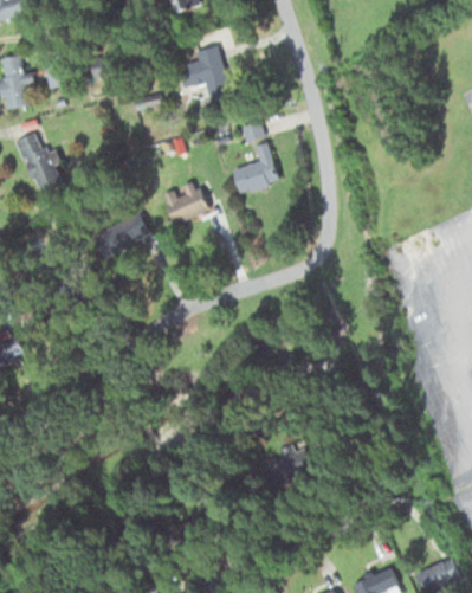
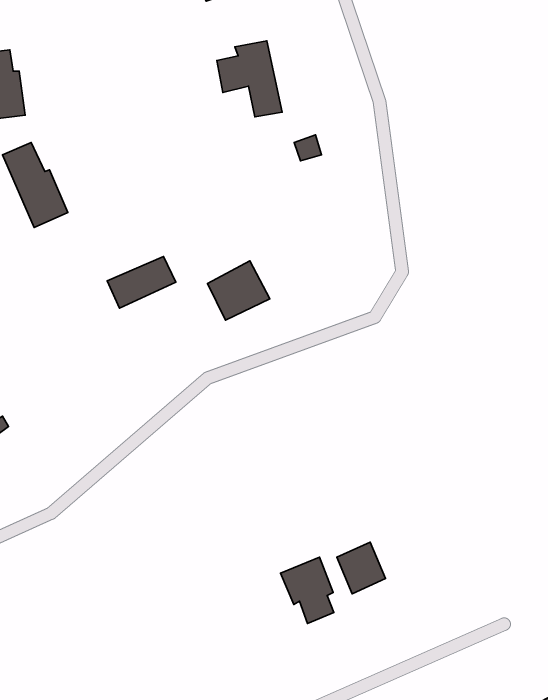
building: [232,142,279,193] -> none
building: [162,178,211,224] -> [207,261,270,320]
building: none -> [280,557,334,624]

